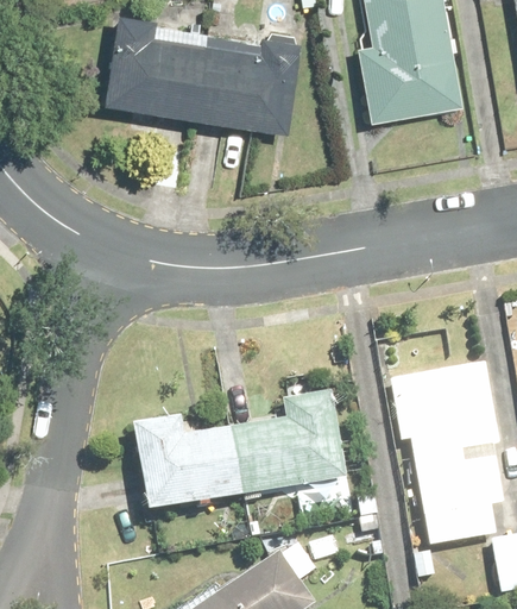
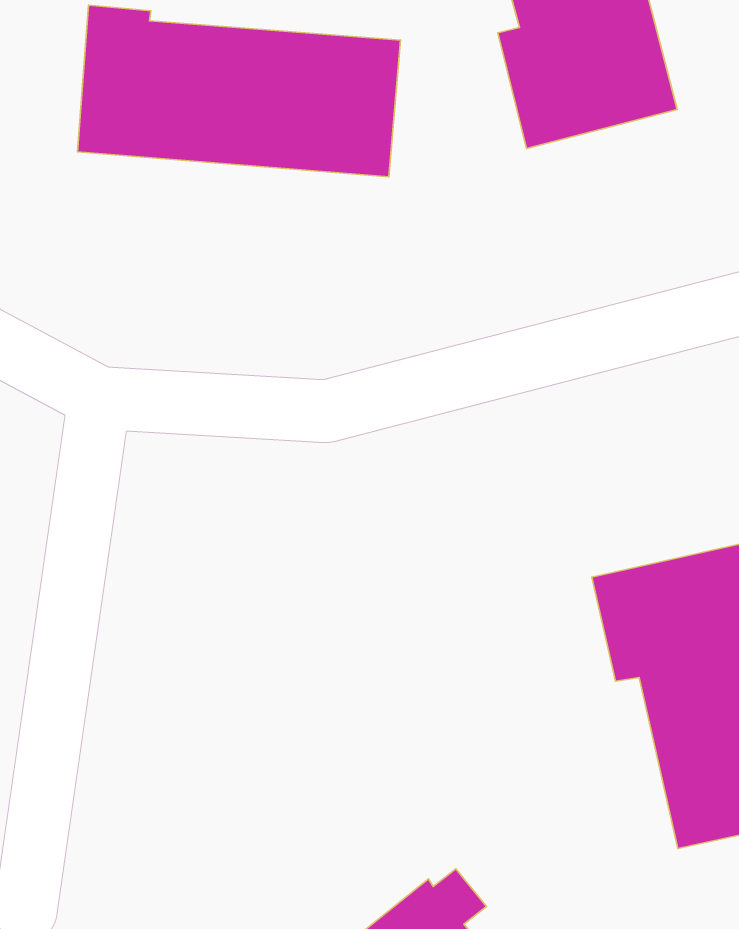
building: [133,390,351,508] -> none

